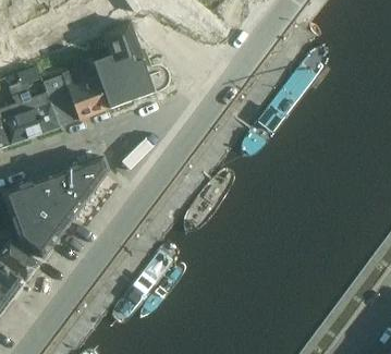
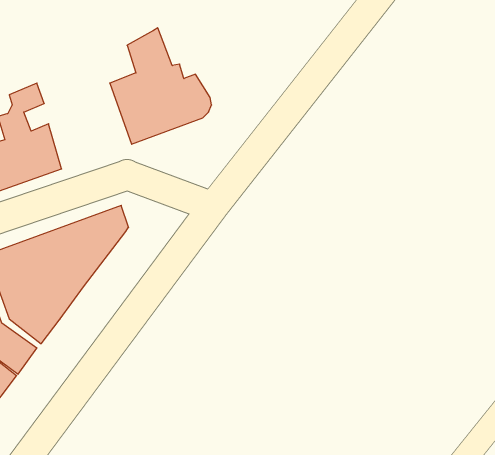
building: [44,66,108,124] -> none

